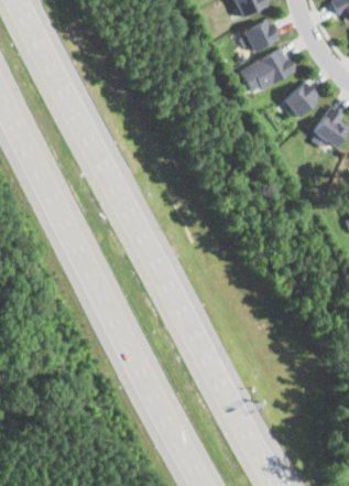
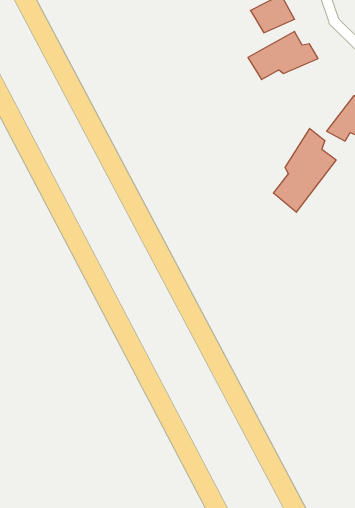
building: [282,77,321,116] -> none
building: none -> [273,128,336,212]

